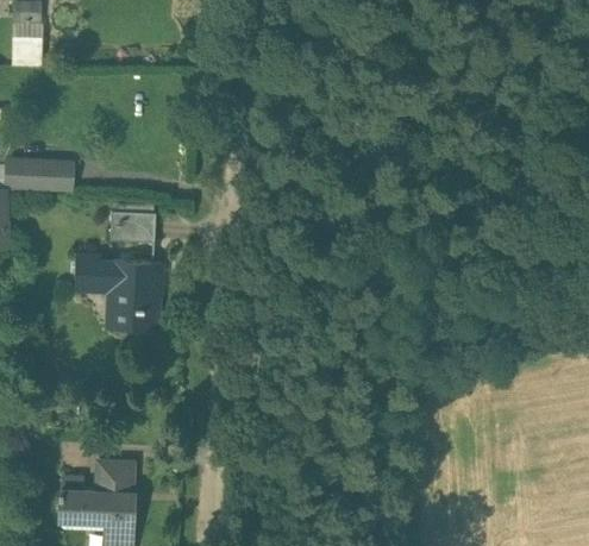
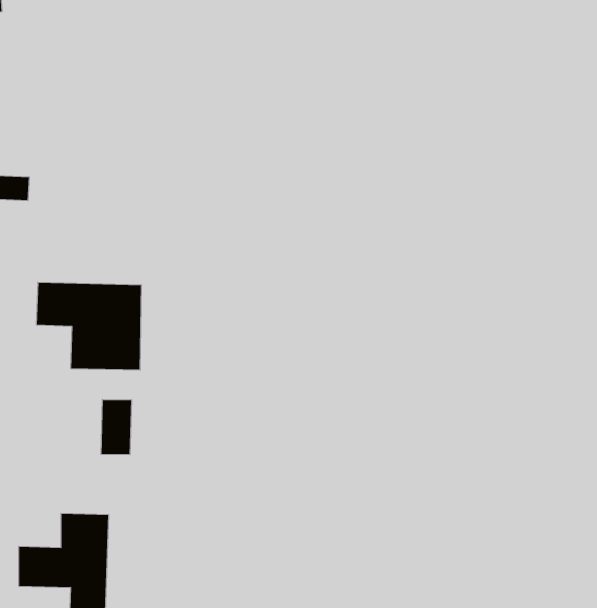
building: [109,211,158,244] -> none
building: none -> [101,399,131,455]

